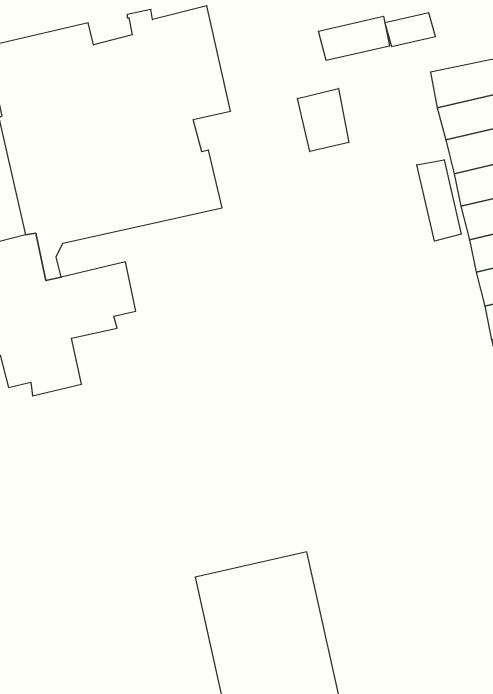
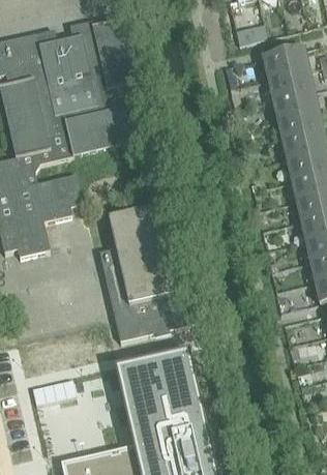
building: [318,16,390,60] -> none
building: [297,88,349,152] -> none
building: [417,160,461,241] -> none
building: none -> [100,205,198,340]

